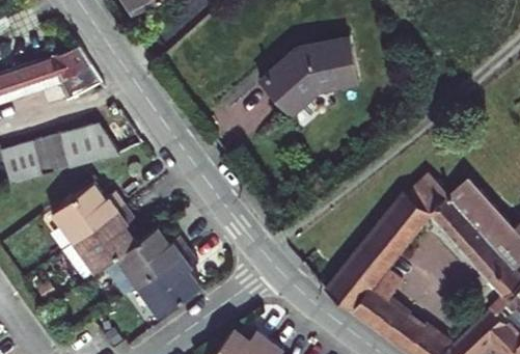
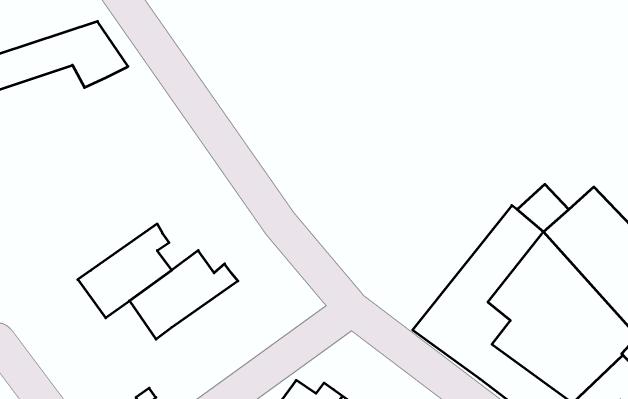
building: [258,38,359,115] -> none
building: [7,128,119,184] -> none
building: [52,184,125,243] -> none
building: [136,251,199,318] -> none

